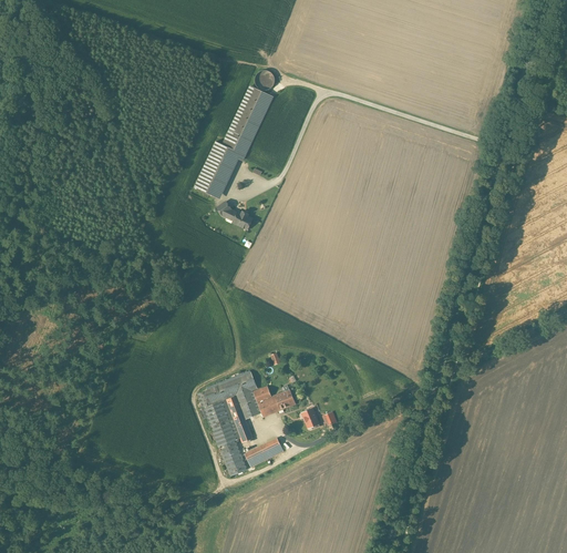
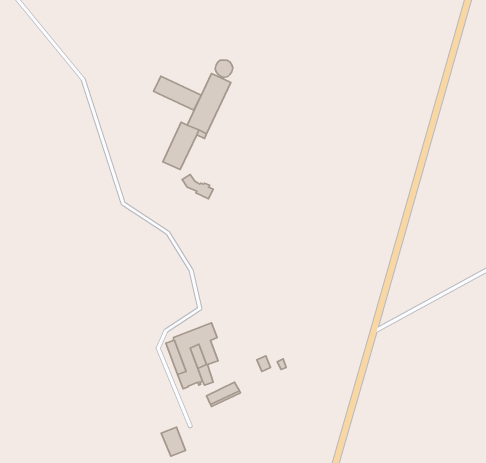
building: none -> [154,76,201,110]
building: [254,386,295,417] -> none
building: [219,443,247,477] -> [161,427,185,456]

